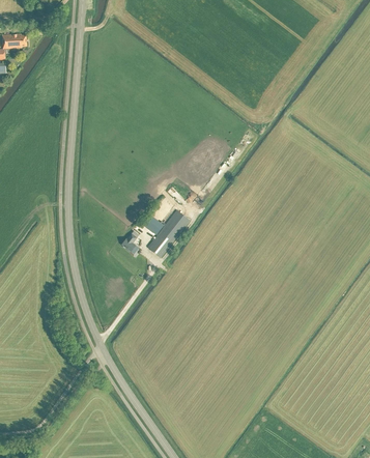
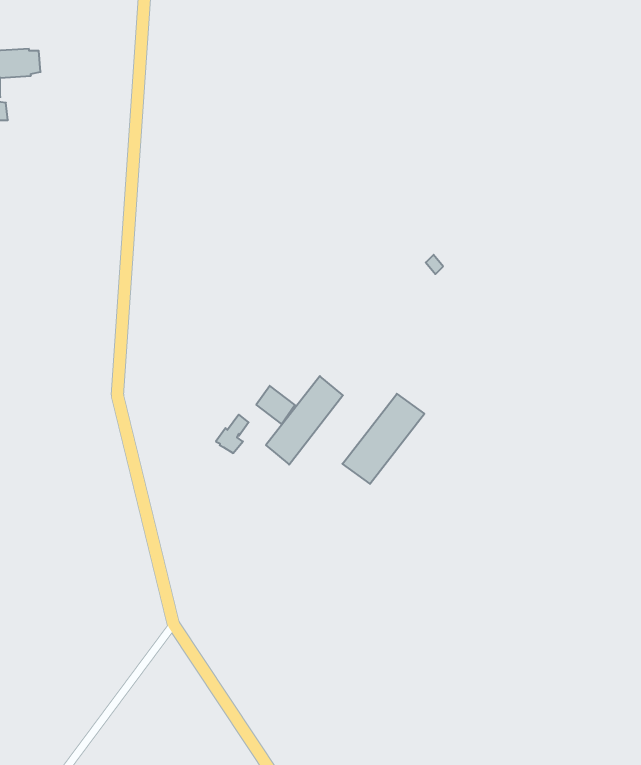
building: none -> [342,394,424,484]

